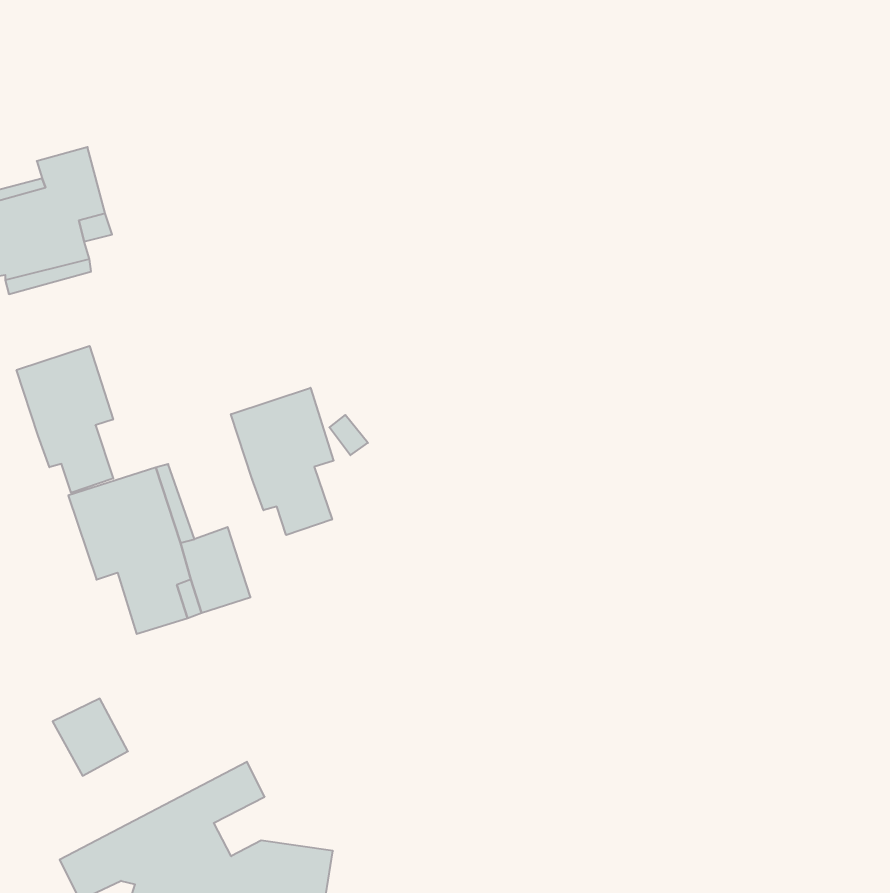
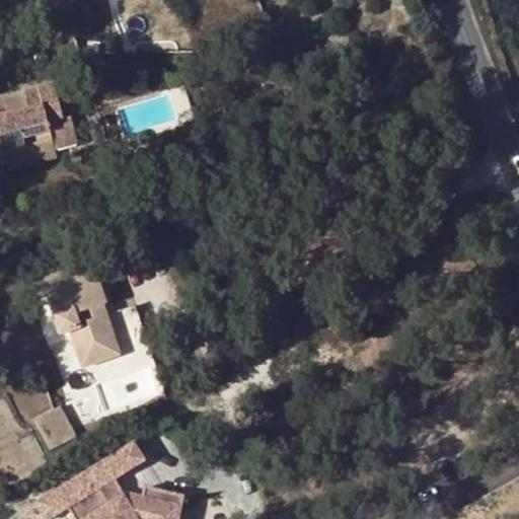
building: [17,346,113,493] -> none
building: [231,388,334,535] -> none

